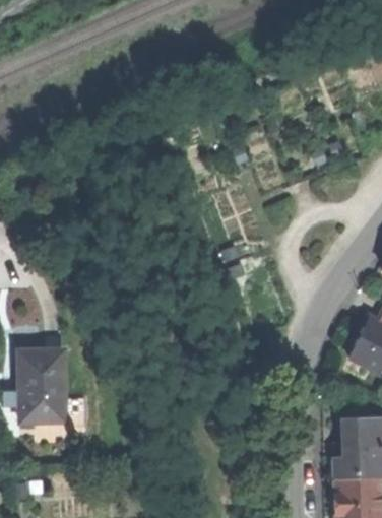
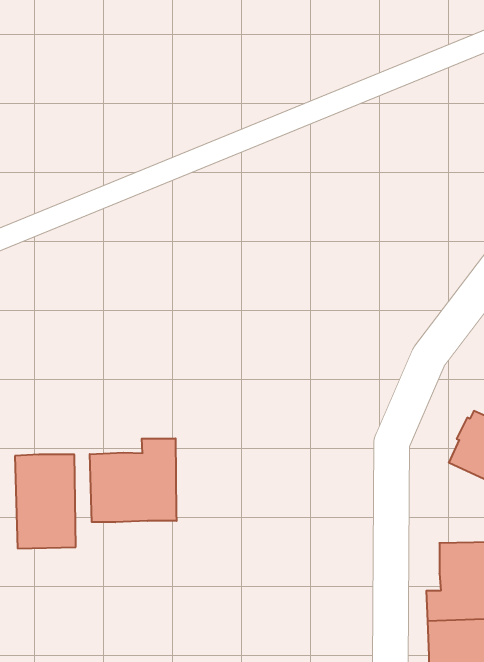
building: none -> [90,438,177,522]

